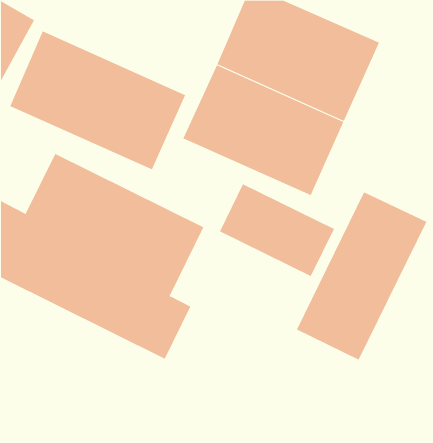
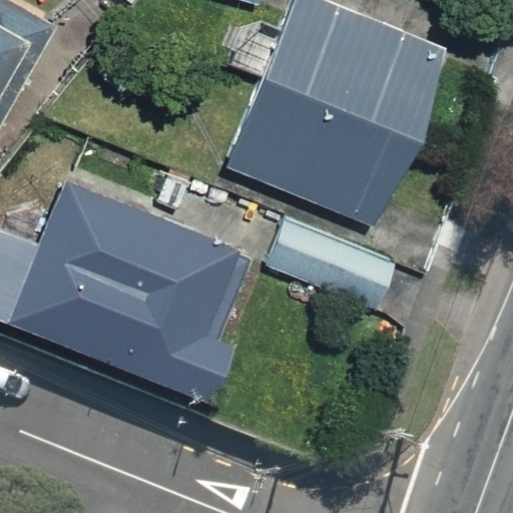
building: [10,31,186,170] -> none
building: [296,191,427,361] -> none

